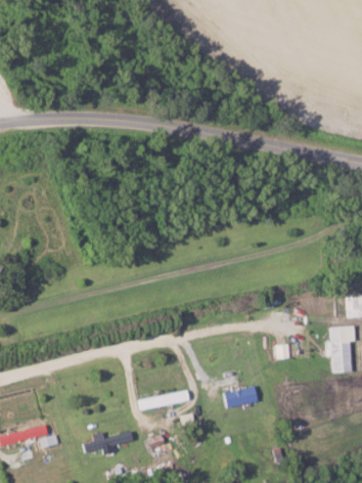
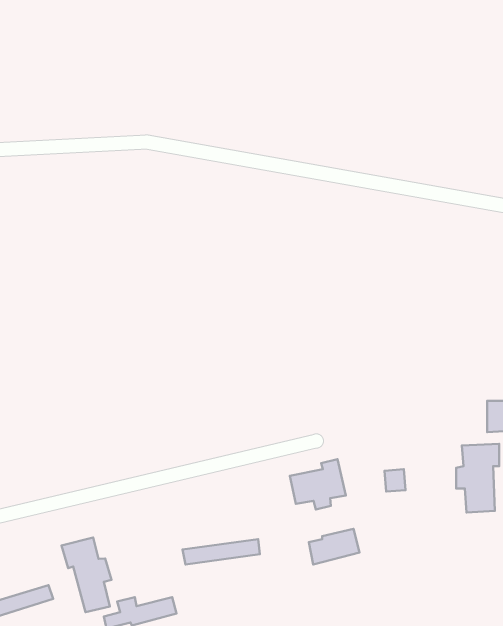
building: none -> [290,459,346,510]
building: none -> [61,538,111,612]

